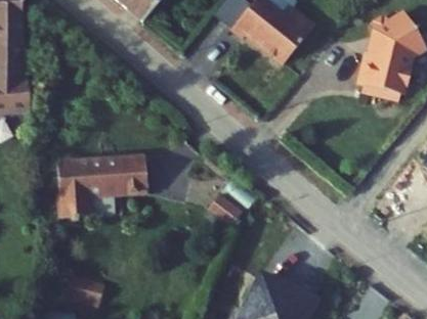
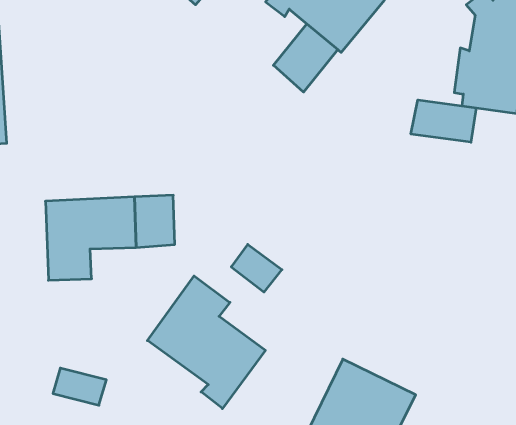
building: none -> [273,24,338,92]
building: none -> [411,100,476,142]
building: none -> [147,276,265,409]

